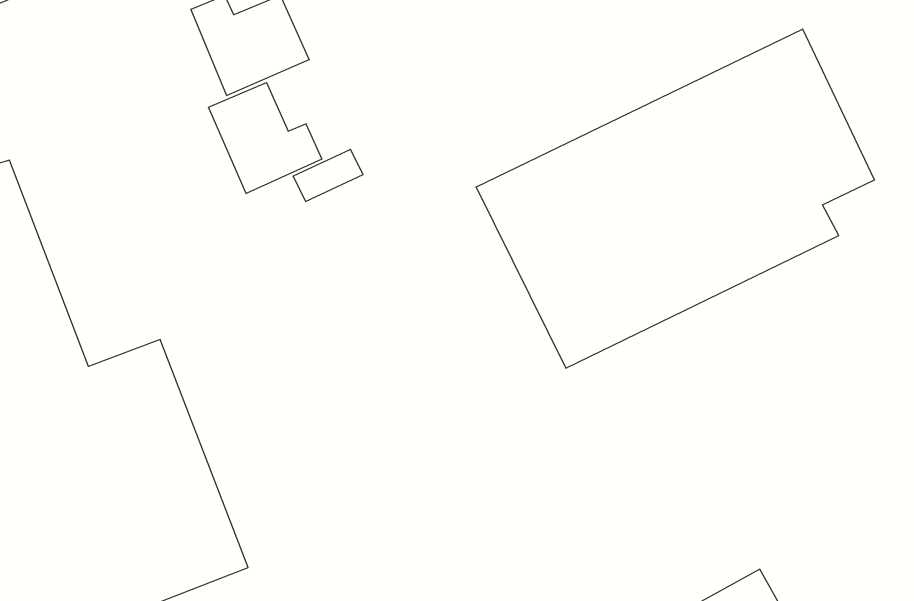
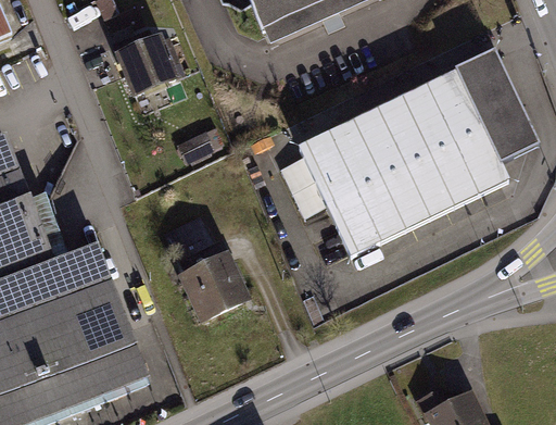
building: [209,83,322,194] -> none
building: none -> [167,215,247,318]

